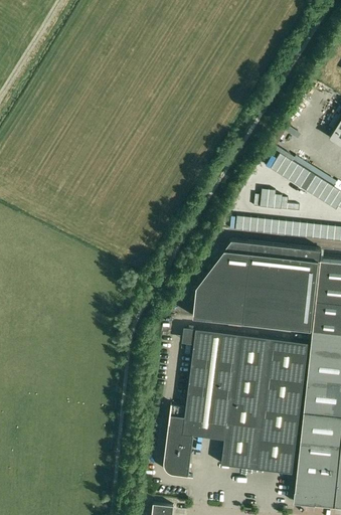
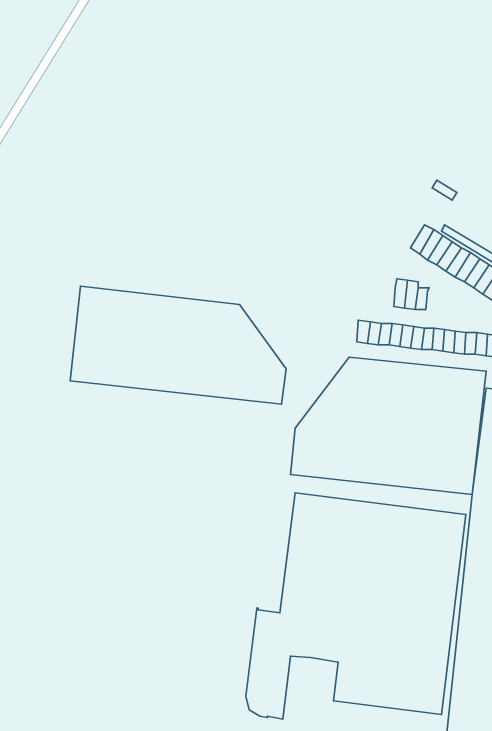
building: none -> [70,286,286,404]

